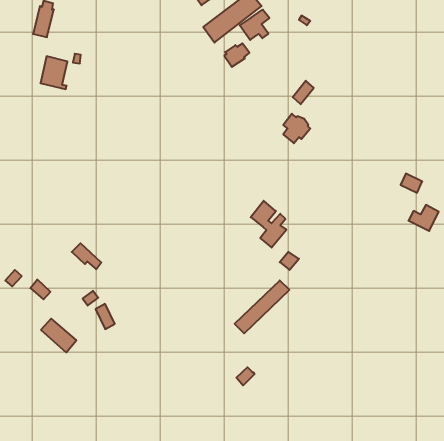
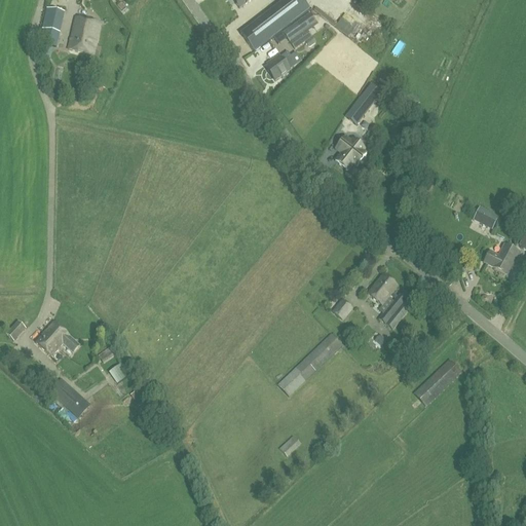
building: [40,56,67,89] -> [68,15,100,54]
building: [251,201,286,248] -> [368,272,410,328]
building: [72,243,101,269] -> [44,321,79,351]
building: none -> [414,358,461,404]

